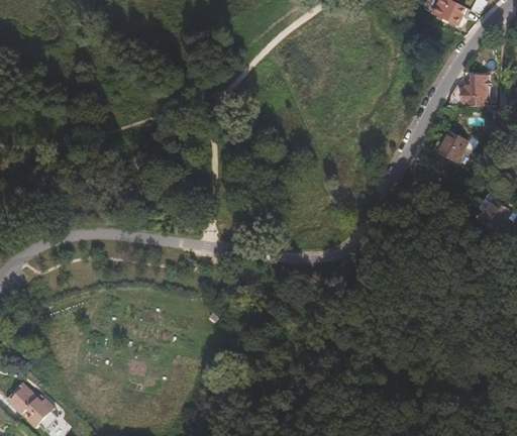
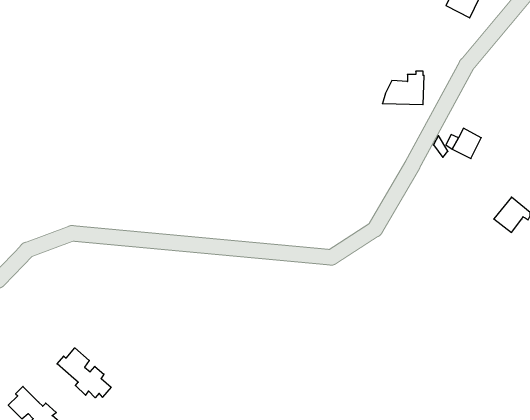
building: [446,74,487,106] -> [382,71,424,105]
building: none -> [57,348,111,398]

